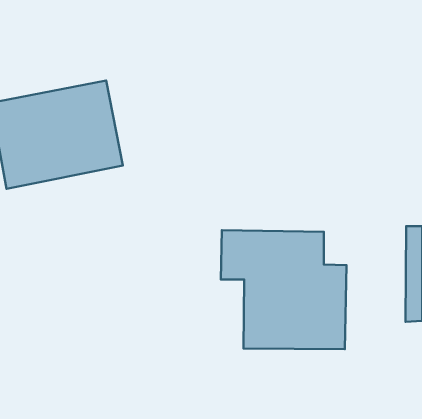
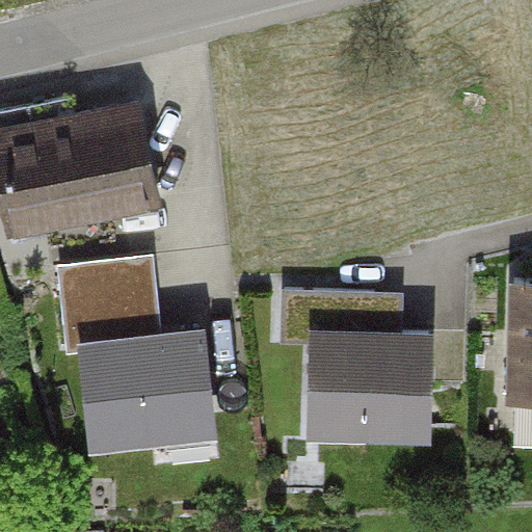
building: none -> [62,257,159,326]
building: none -> [85,340,207,442]

